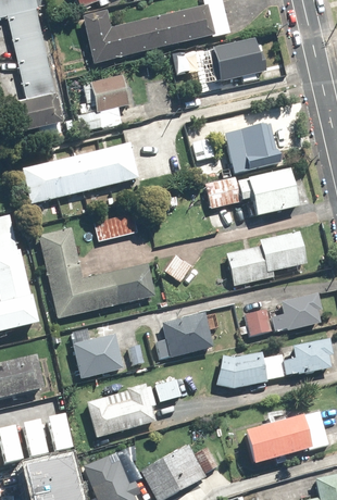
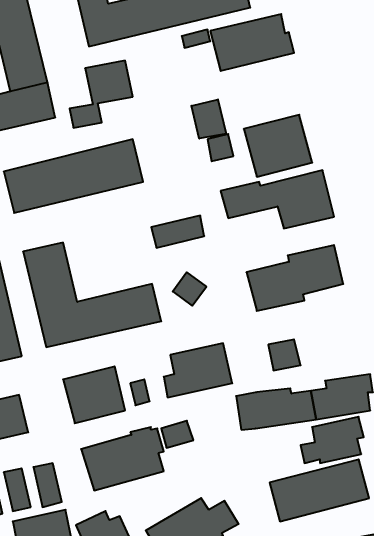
building: none -> [191,99,226,139]
building: [93,213,138,240] -> [151,216,204,248]
building: [271,292,324,332] -> [301,417,364,463]

